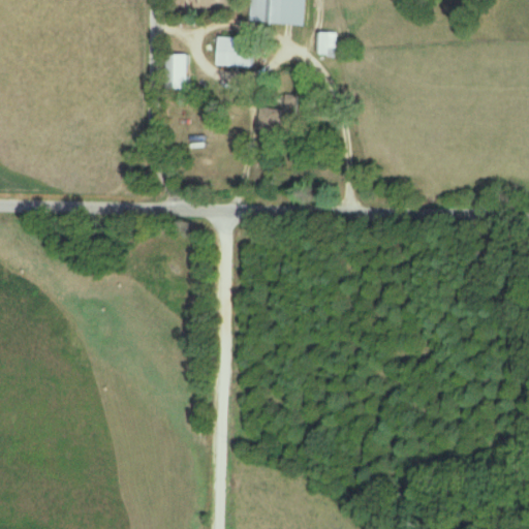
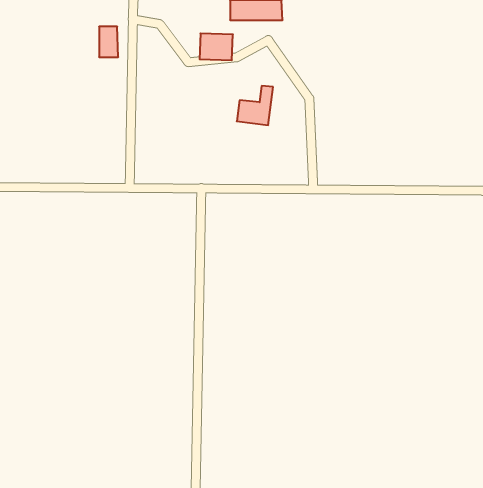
building: [315,31,336,55] -> none
building: [166,55,187,88] -> [99,27,118,57]

